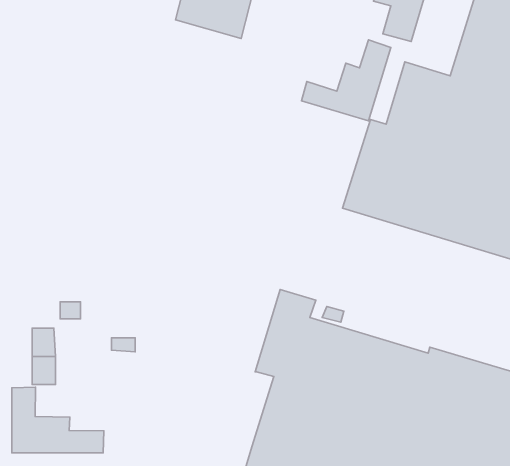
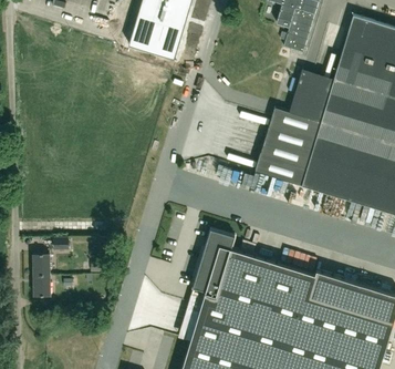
building: [302,40,391,121] -> none
building: [12,387,104,453] -> none

